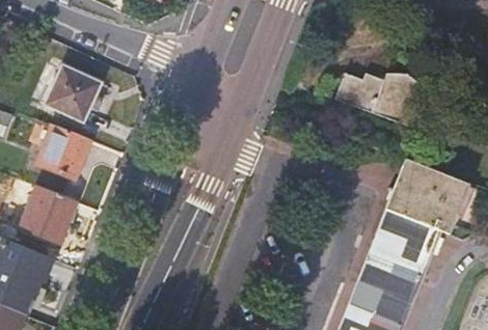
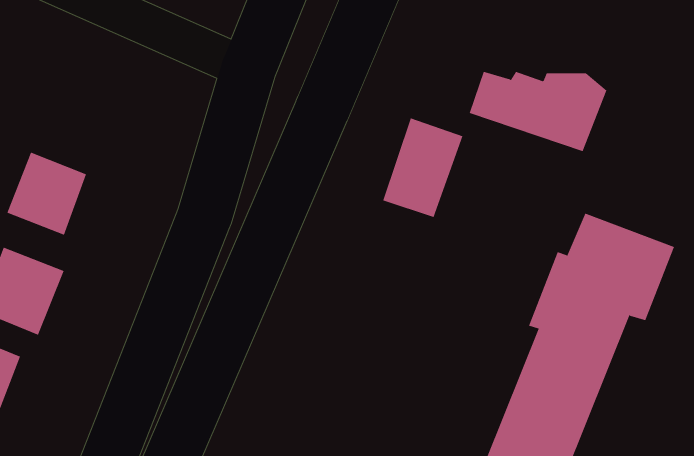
building: [46,65,102,122] -> none
building: none -> [382,118,463,218]

